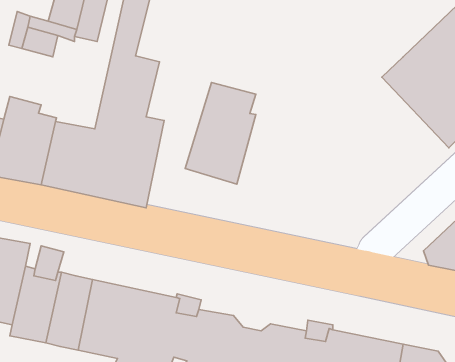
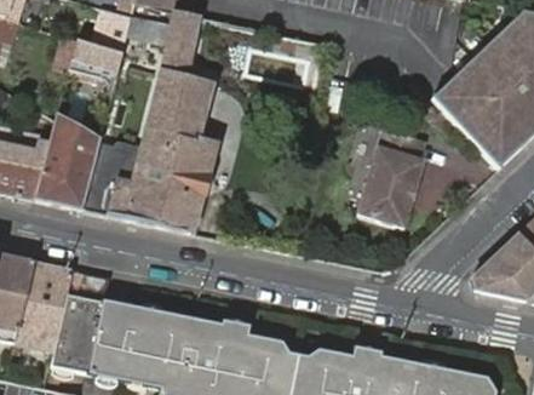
building: [185,82,256,184] -> [355,125,426,228]

